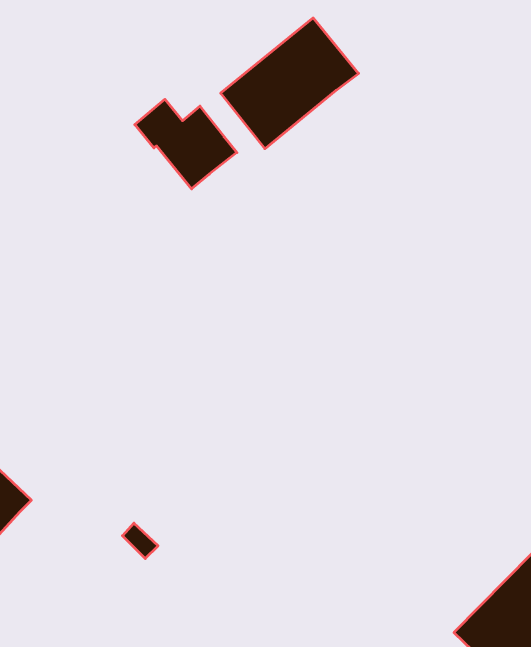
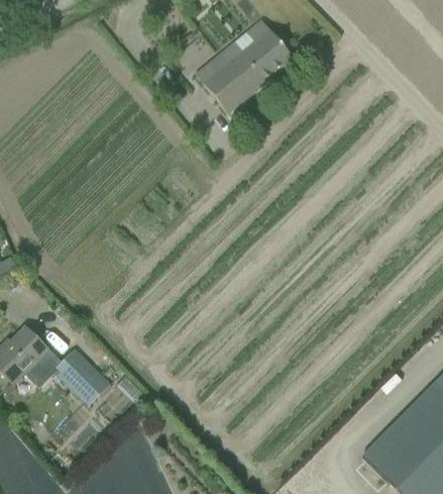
building: [135,99,237,189] -> none
building: none -> [53,348,109,404]

